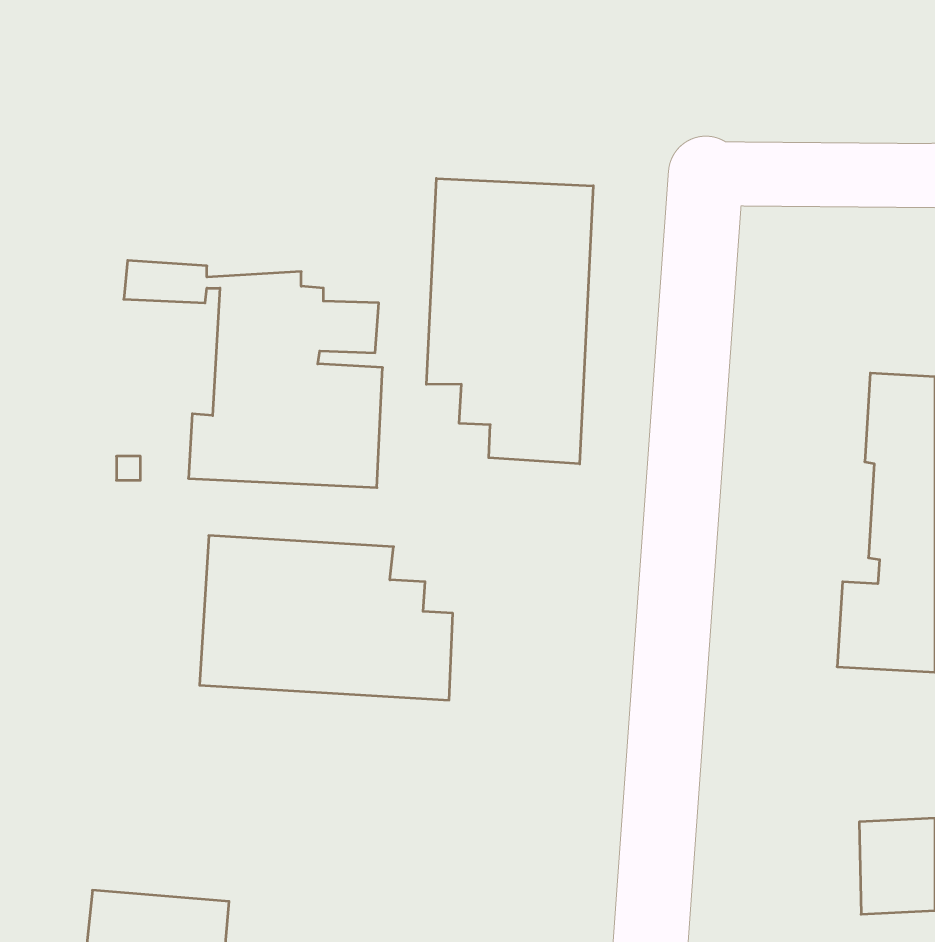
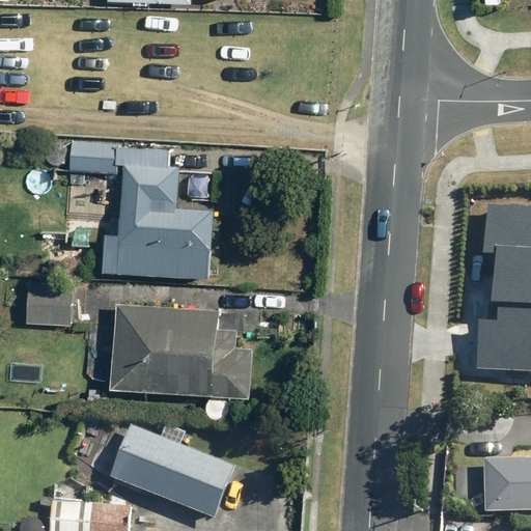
building: [426,178,593,464] -> none
building: none -> [26,282,69,323]
building: none -> [111,427,235,519]

